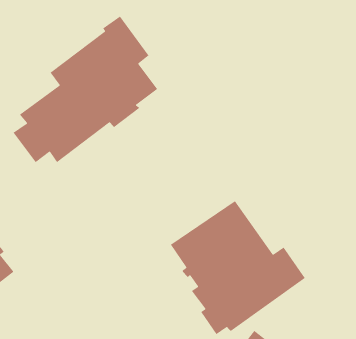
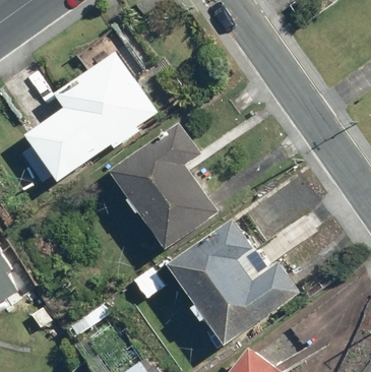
building: none -> [105,122,222,254]

